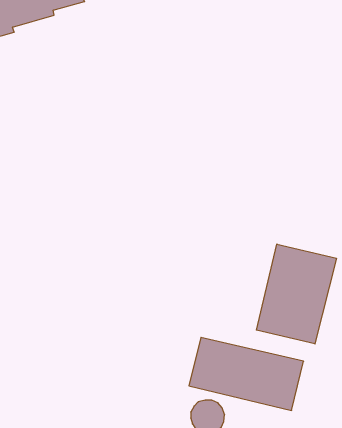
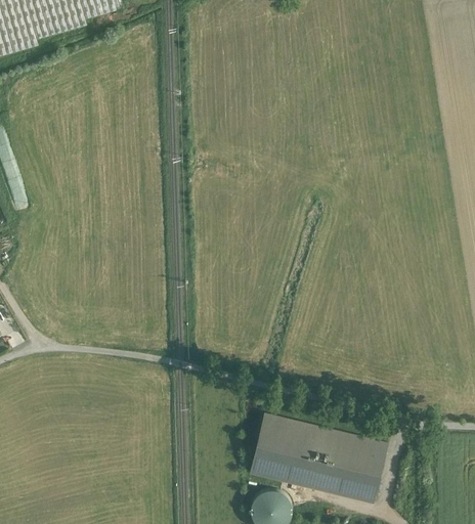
building: [256,244,336,344] -> none

